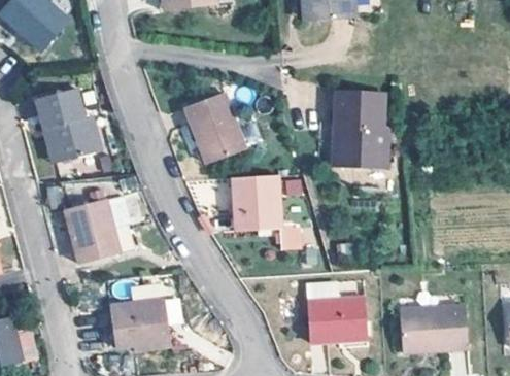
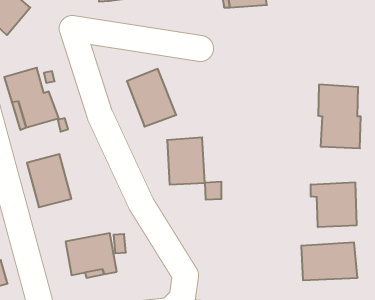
building: [335,89,387,167] -> [318,85,361,148]
building: none -> [311,182,356,227]
building: [307,297,367,342] -> none

